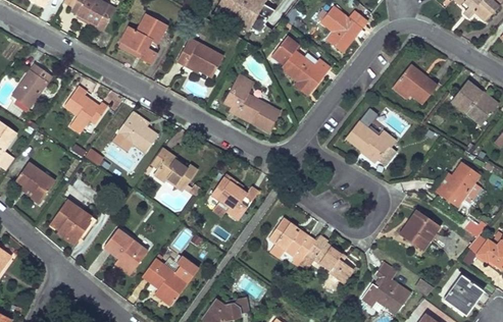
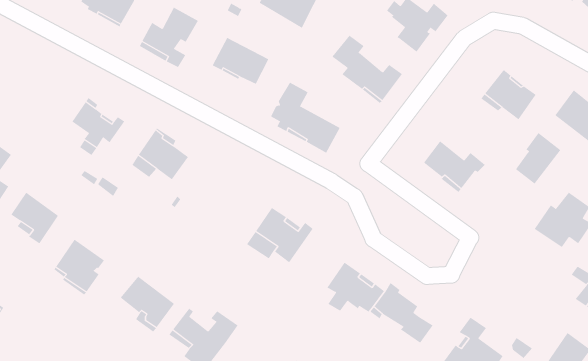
building: [12,63,52,108] -> none
building: none -> [515,132,561,184]
building: [150,148,197,191] -> none
building: [399,210,440,252] -> none

